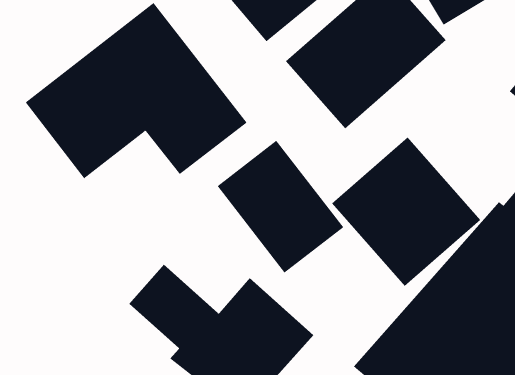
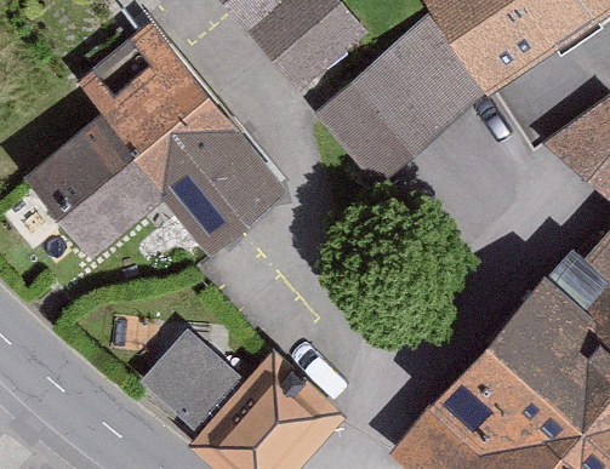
building: [331,136,481,287] -> none
building: [217,140,344,273] -> none

